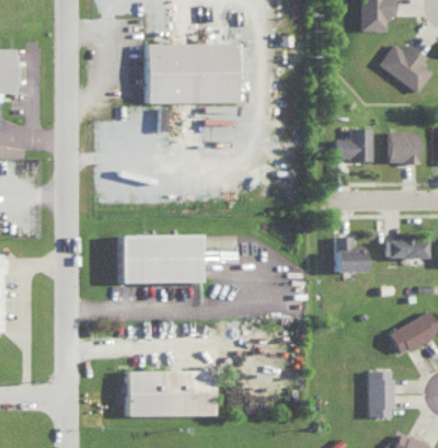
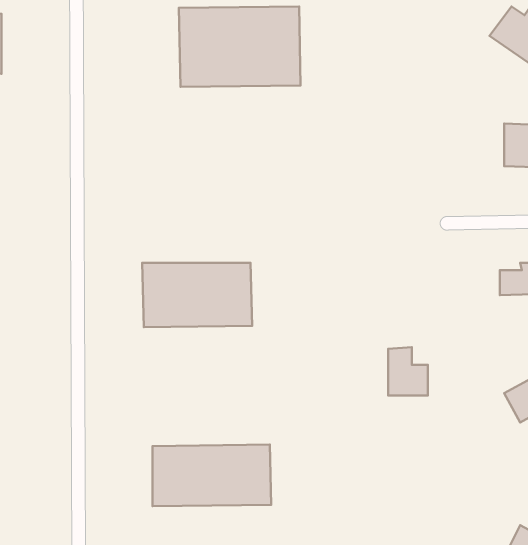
building: [335,129,371,161] -> none
building: [335,237,365,273] -> [388,347,428,396]
building: [367,371,393,417] -> none

